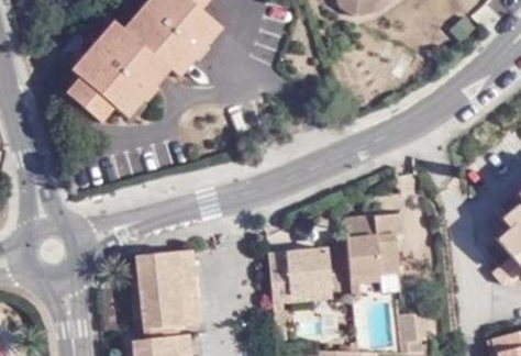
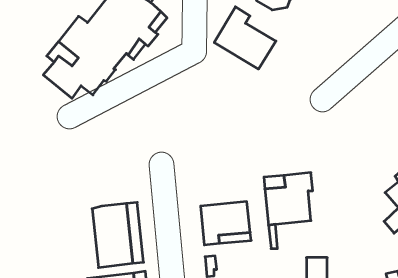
building: none -> [214,7,276,69]

